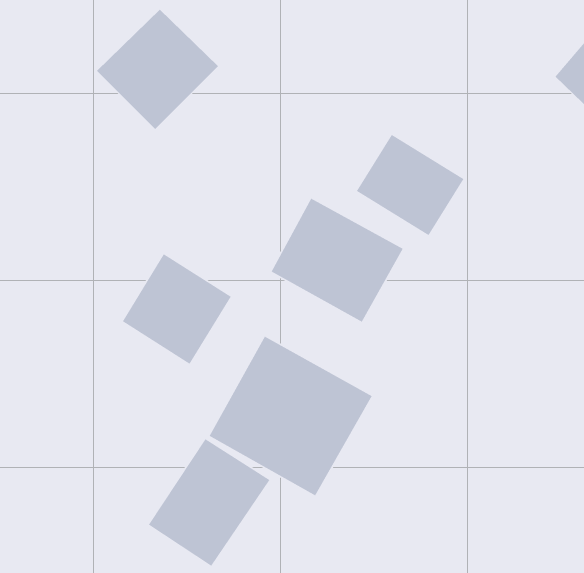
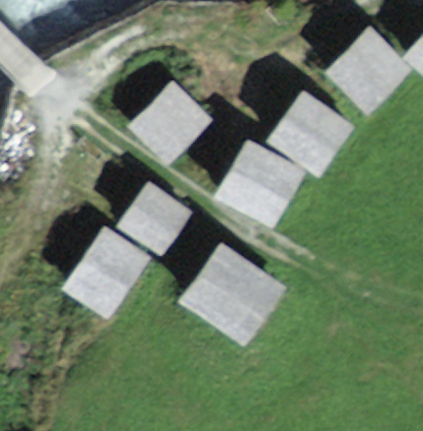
building: [96,9,219,130] -> [133,82,214,162]
building: none -> [324,38,408,121]
building: [148,438,270,567] -> [63,234,143,318]

